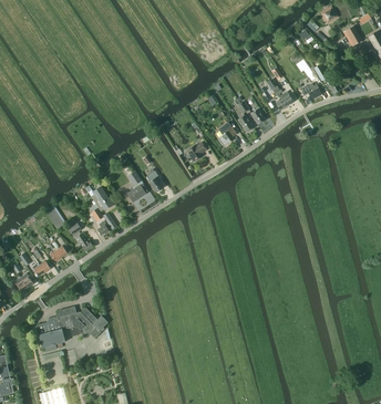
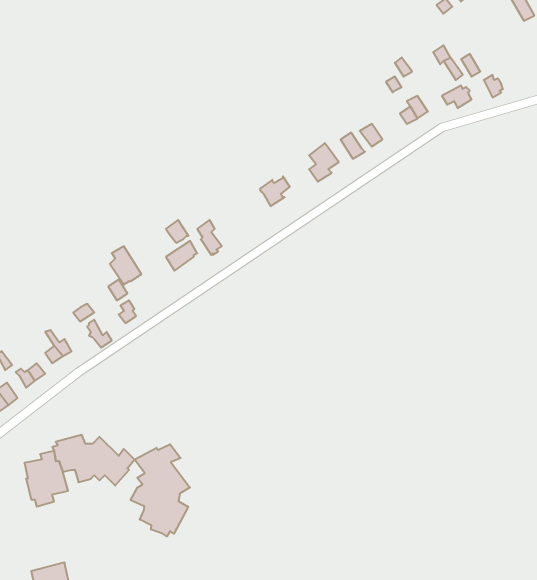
building: none -> [131,444,190,536]

